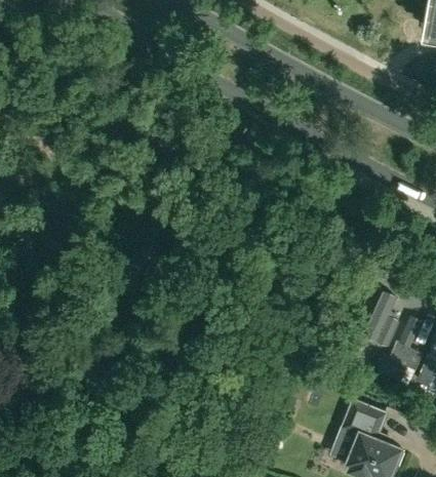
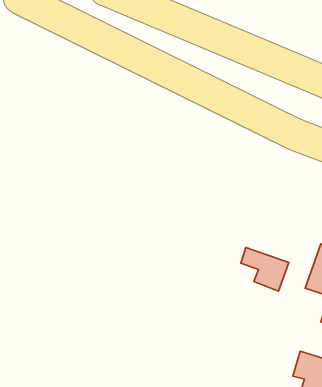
building: none -> [241,248,289,291]

